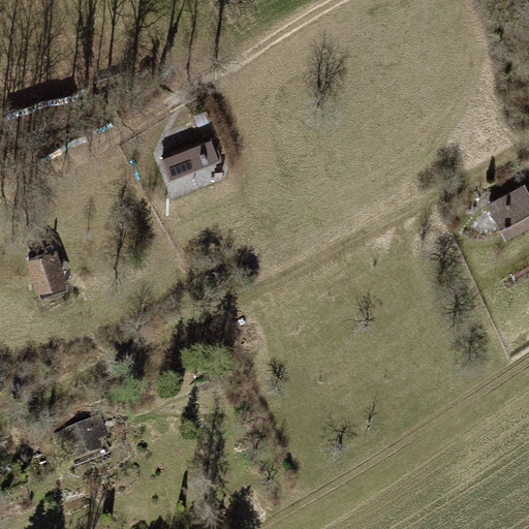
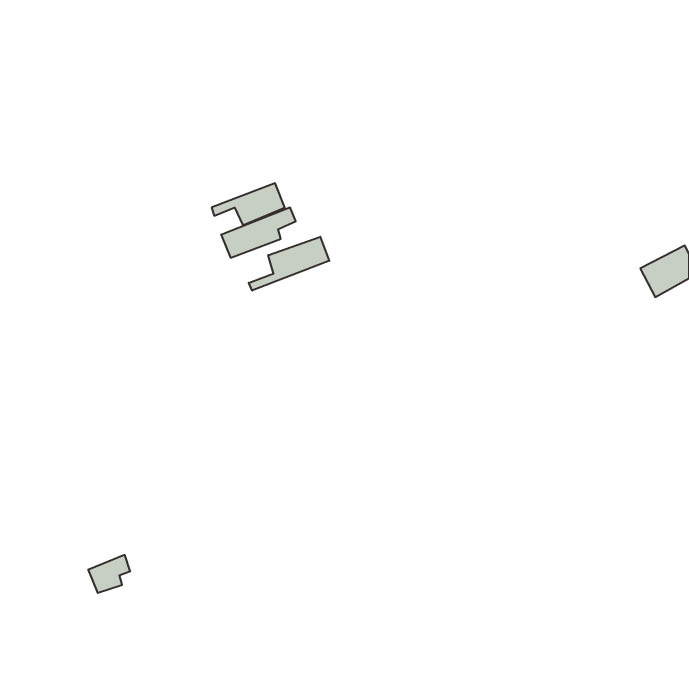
building: none -> [249,237,329,291]
building: [28,247,63,289] -> none

